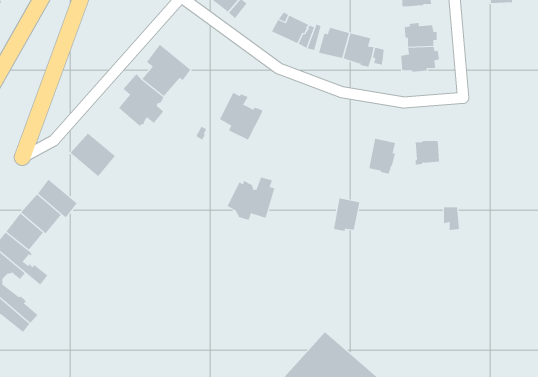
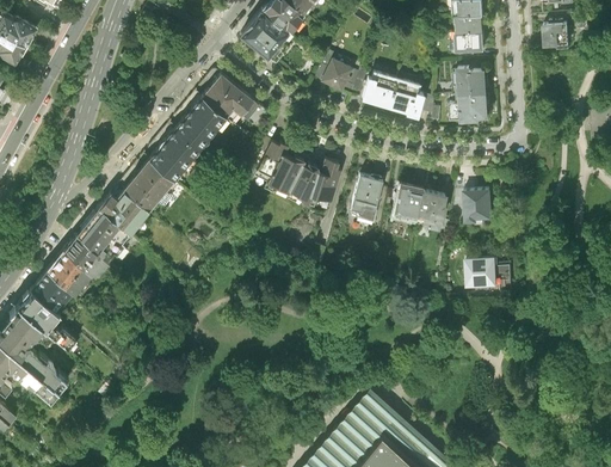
building: none -> [200,69,258,121]
building: none -> [117,159,177,210]
building: none -> [350,176,382,214]
building: none -> [75,207,128,259]
building: [227,177,275,221] -> [289,160,340,207]
building: [333,198,360,231] -> [393,186,421,222]
building: none -> [467,257,494,283]

